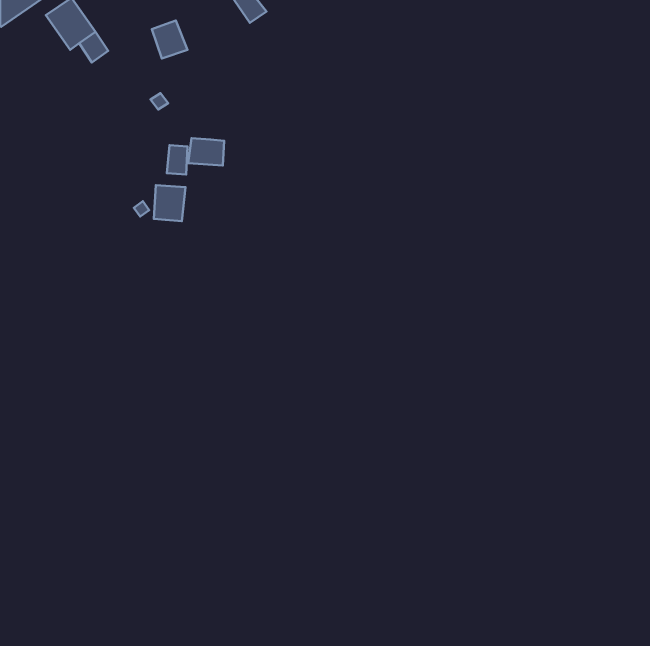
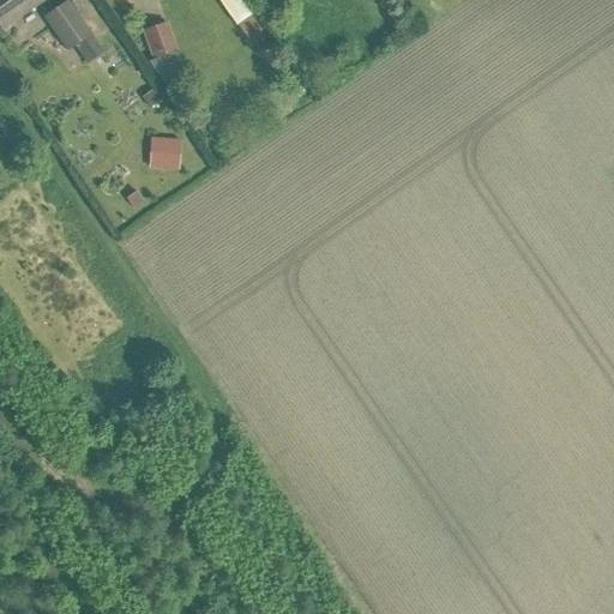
building: [188,138,224,165] -> none
building: [154,185,185,221] -> none

